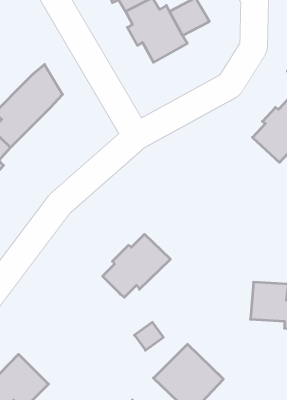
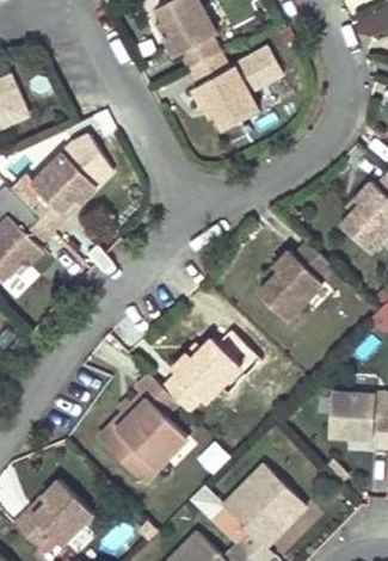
building: none -> [258,240,330,318]
building: none -> [104,375,186,480]

